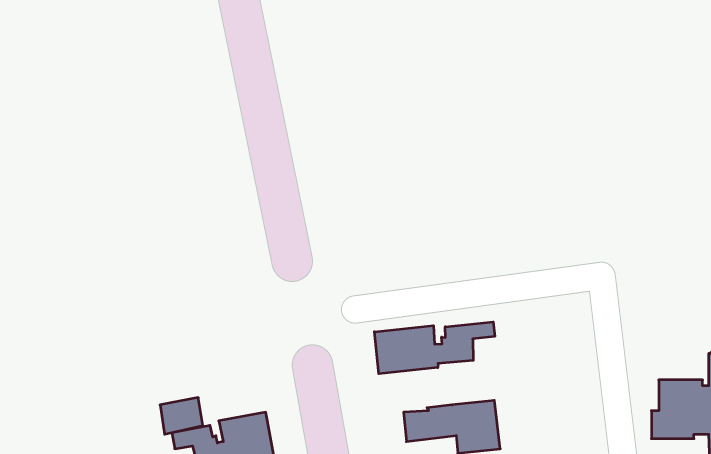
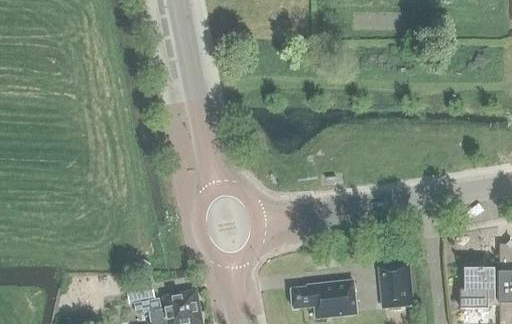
building: [374,322,495,374] -> none
building: none -> [386,265,414,308]

